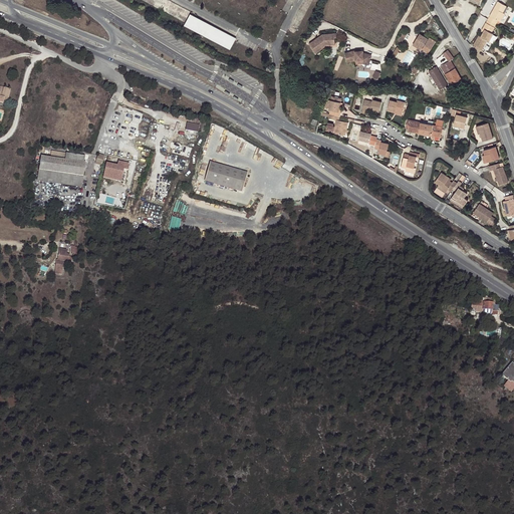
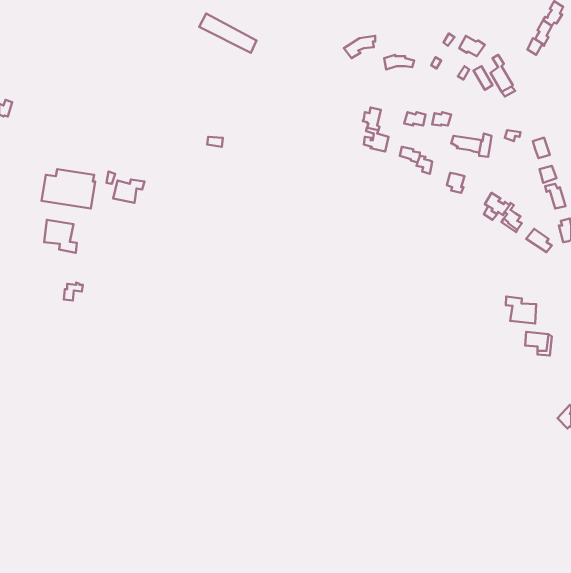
building: [205,161,247,192] -> none
building: none -> [44,220,77,253]
building: none -> [506,296,536,323]

